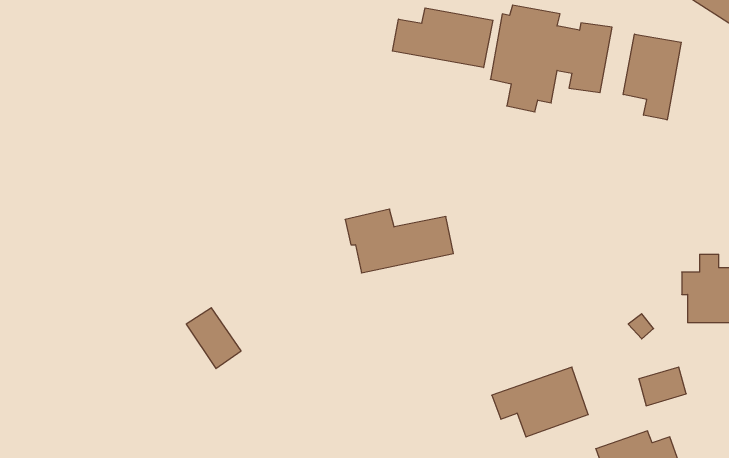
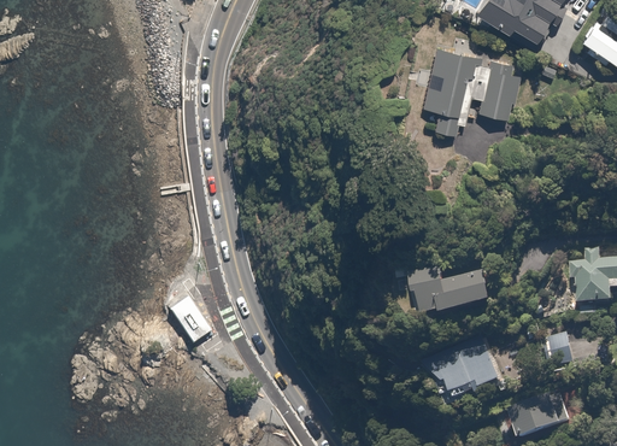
building: [392,8,493,68] -> none
building: [623,34,681,120] -> none
building: [345,209,453,273] -> [399,262,487,313]

